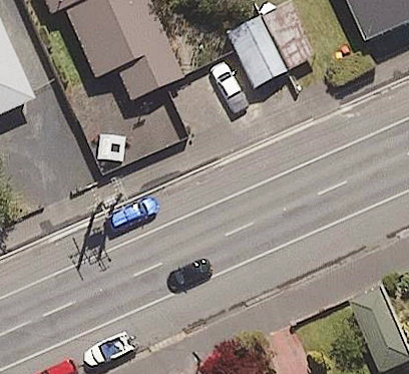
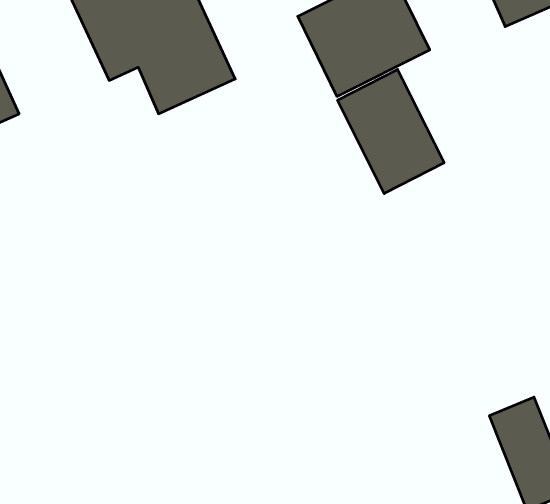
building: none -> [338,69,444,194]

